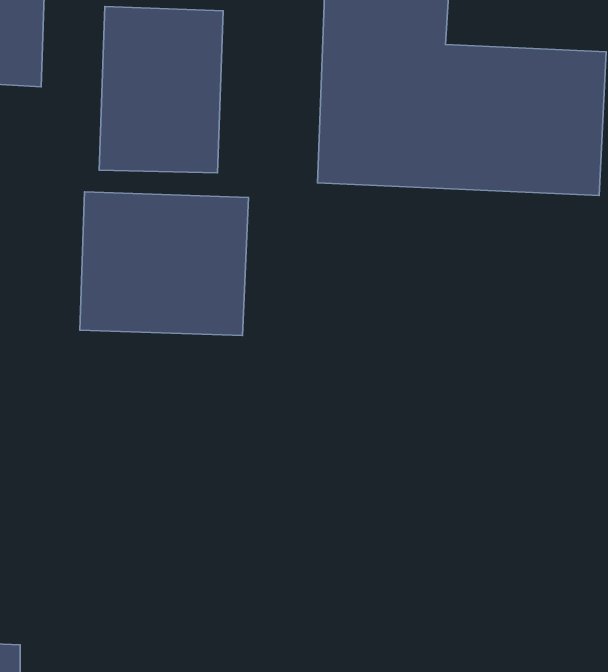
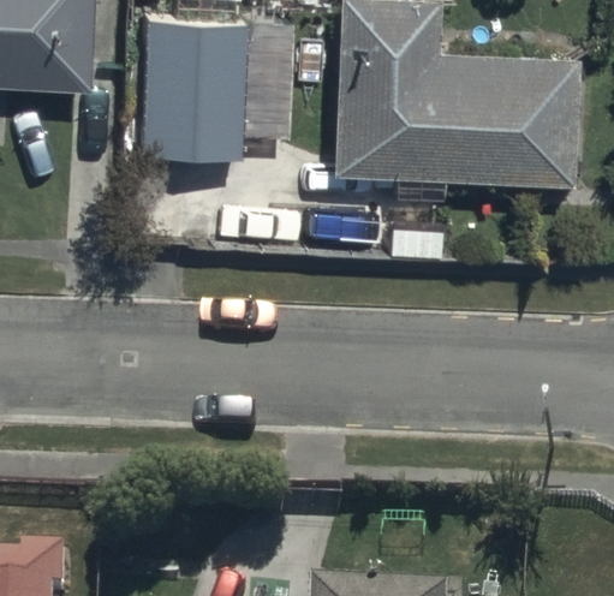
building: [80,192,249,336] -> none

